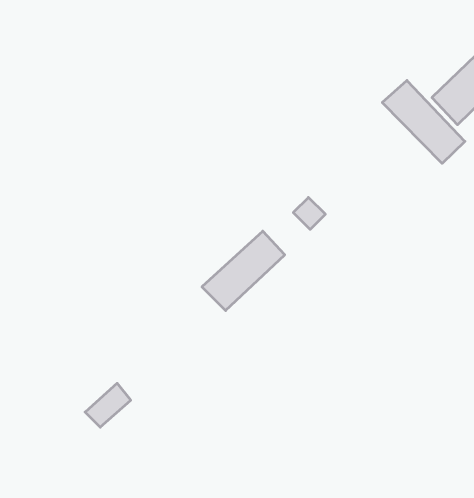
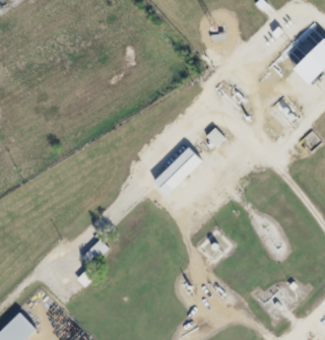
building: [382,80,465,163] -> none

